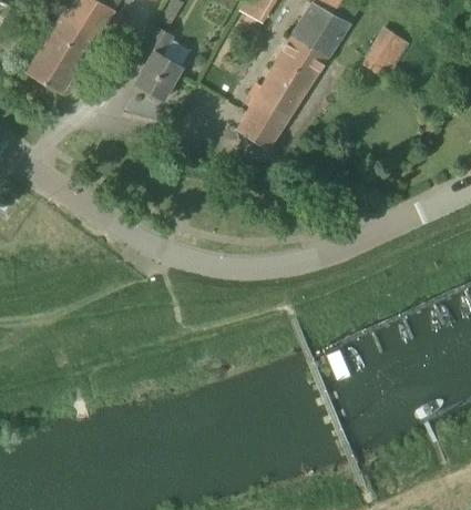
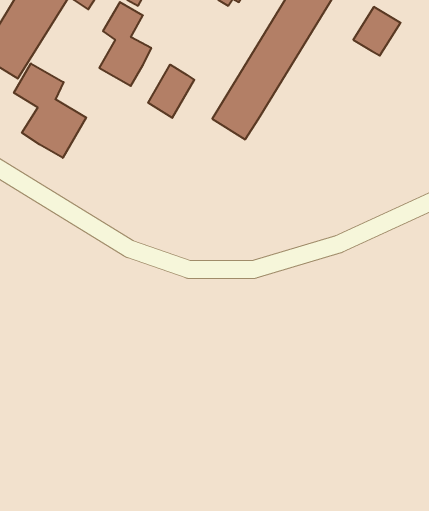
building: none -> [14,63,86,158]
building: none -> [148,65,194,118]

